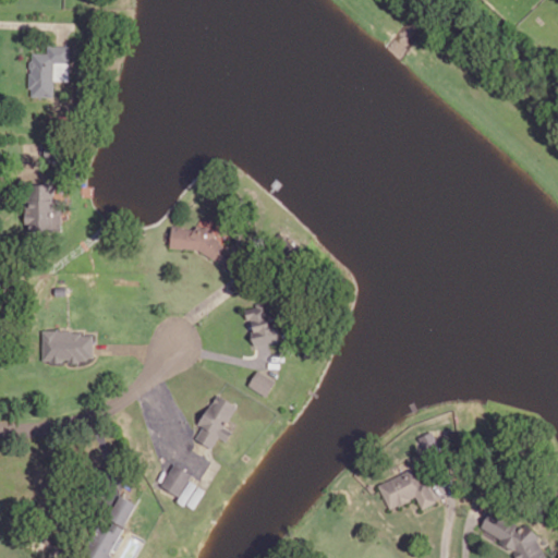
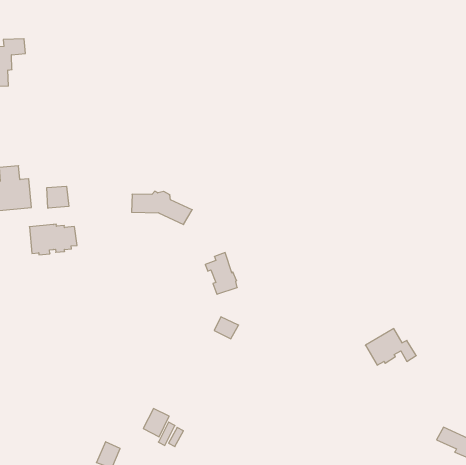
building: none -> [47,186,69,208]
building: [41,331,92,363] -> [29,224,77,255]
building: [194,395,235,448] -> none
building: [378,470,433,508] -> [365,329,416,365]

